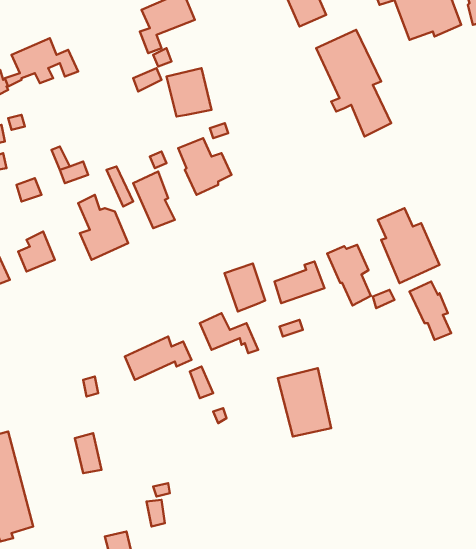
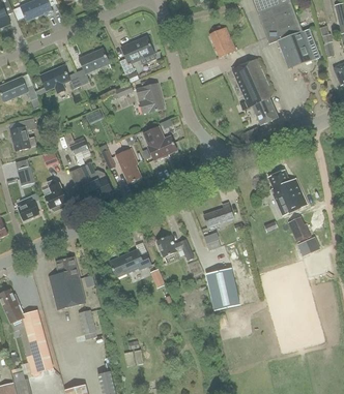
building: none -> [75,48,109,89]
building: [327,245,371,306] -> none
building: [225,264,265,311] -> none
building: none -> [49,256,85,309]

